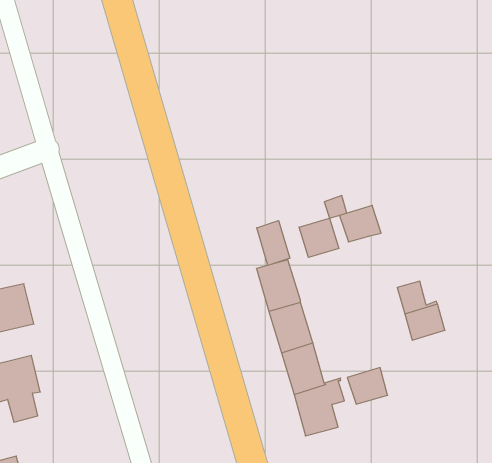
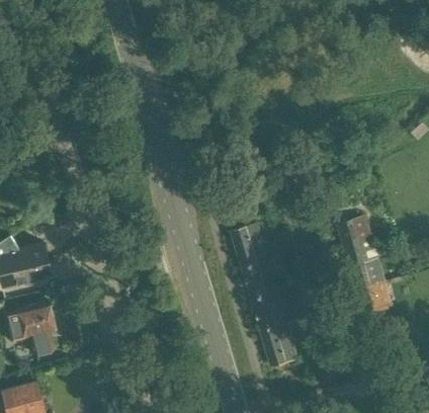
building: [340,205,381,242] -> [338,217,371,246]
building: [299,218,339,257] -> none
building: [257,221,290,265] -> none
building: [347,368,388,404] -> [357,280,390,310]

